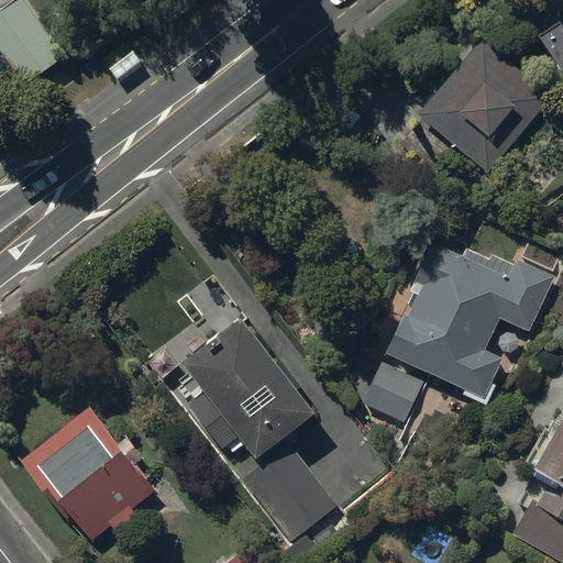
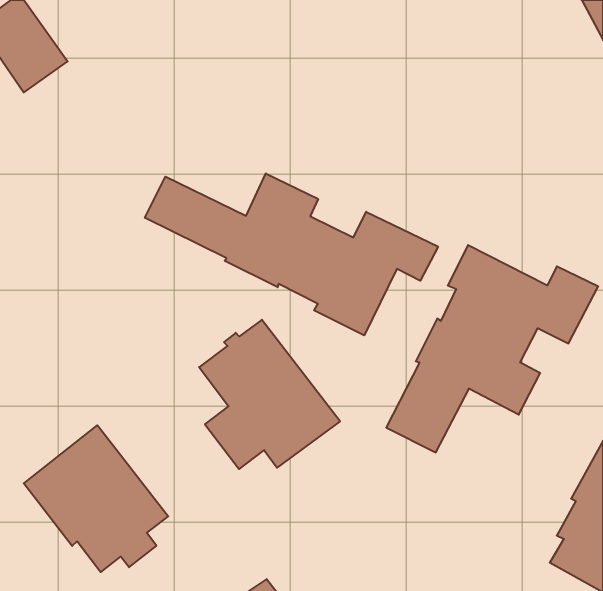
building: [417,34,554,170] -> none
building: none -> [145,173,438,335]
building: [240,443,335,543] -> none

